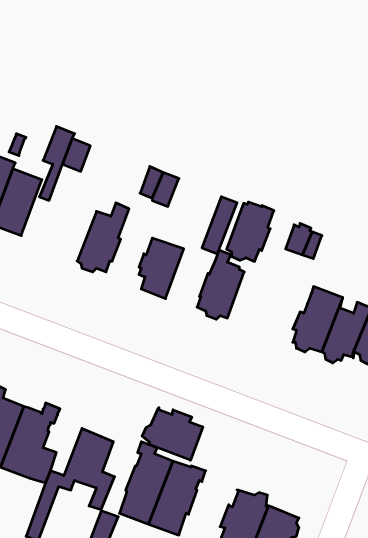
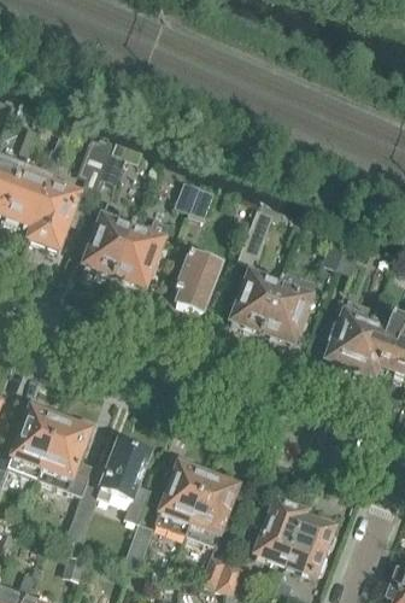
building: none -> [83,200,133,275]
building: [227,202,274,261] -> [263,283,310,343]
building: [142,408,203,460] -> none

